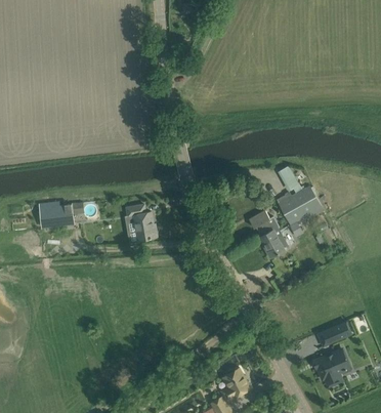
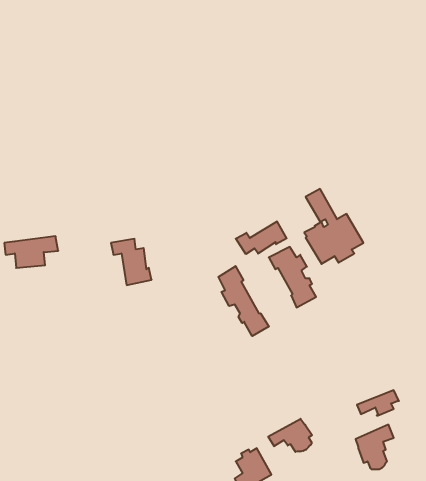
building: none -> [236,221,287,254]
building: none -> [218,266,269,336]
building: none -> [268,419,312,452]

